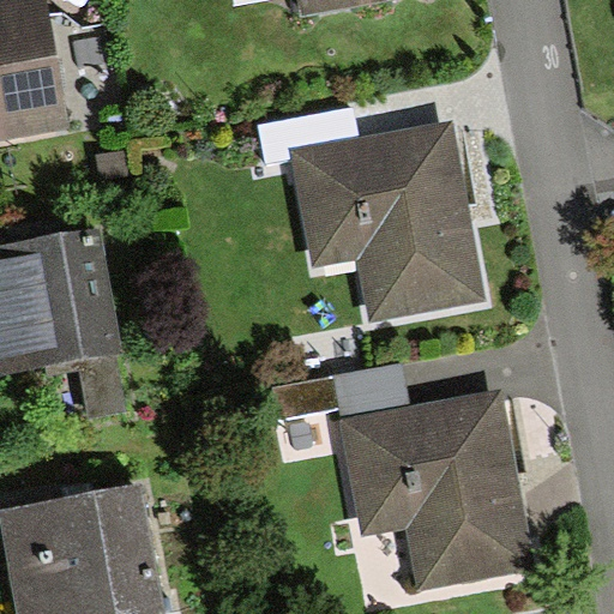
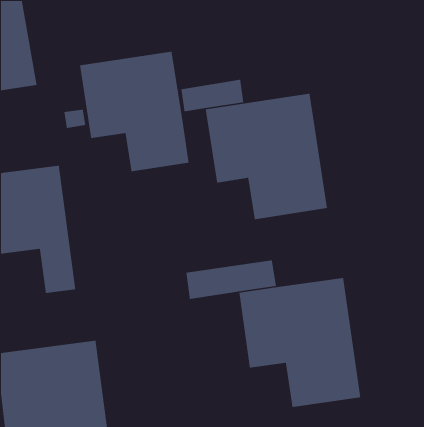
building: none -> [79,51,190,172]

